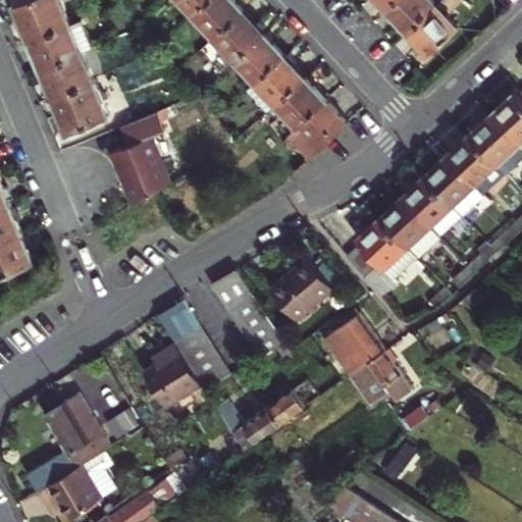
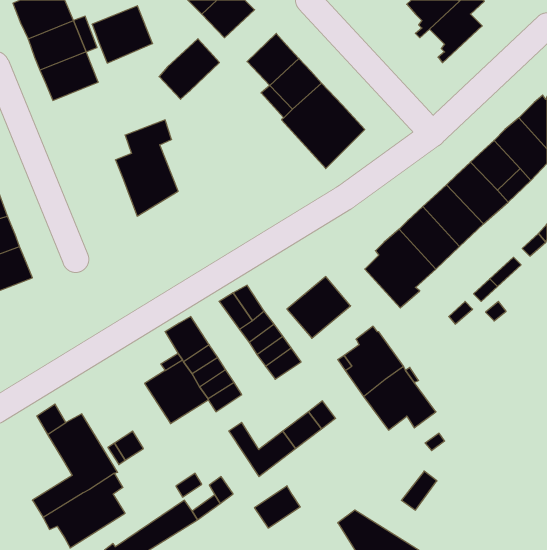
building: [204,11,261,68] -> [159,39,219,99]
building: [50,80,107,134] -> [92,6,153,63]
building: none -> [255,486,300,528]

